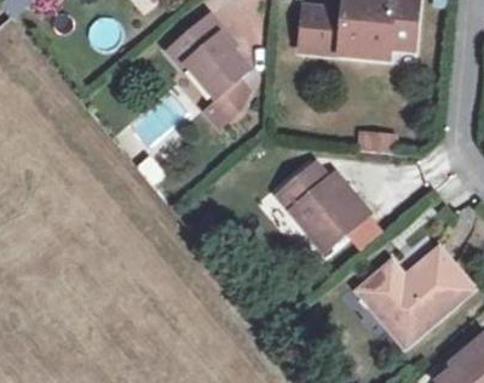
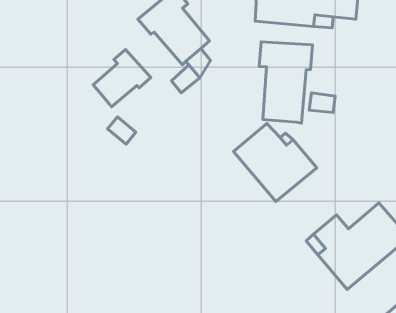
building: none -> [259,42,312,123]
building: none -> [93,49,151,107]

